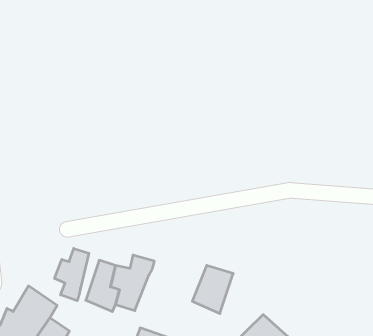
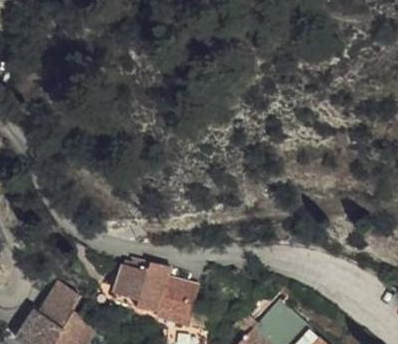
building: [55,248,89,301] -> none
building: [192,265,233,314] -> [157,278,197,325]

